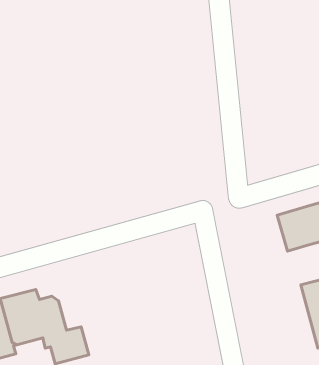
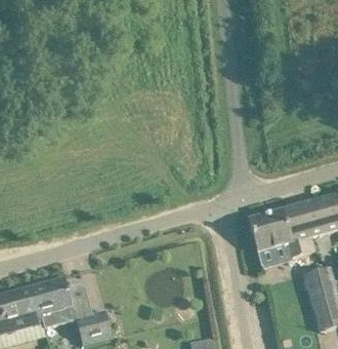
building: none -> [247,209,313,266]

